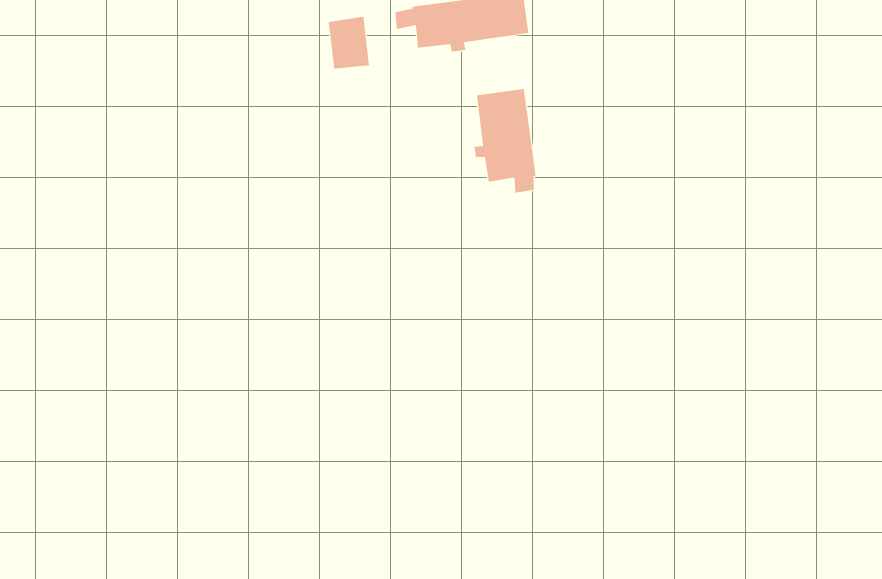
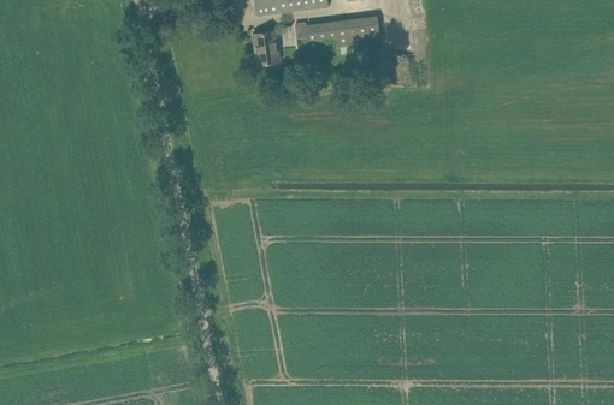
building: [474,88,536,193] -> none

